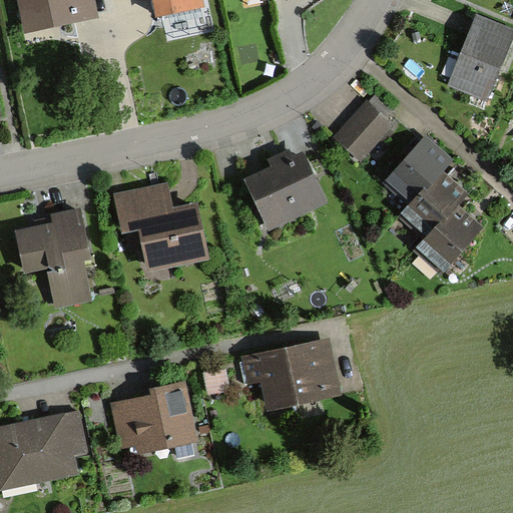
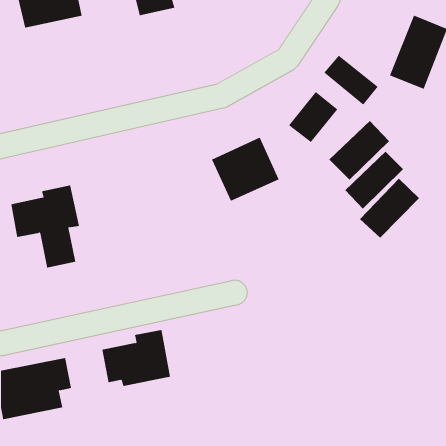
building: none -> [323,55,378,105]
building: [116,186,207,274] -> none
building: [248,339,337,400] -> none

